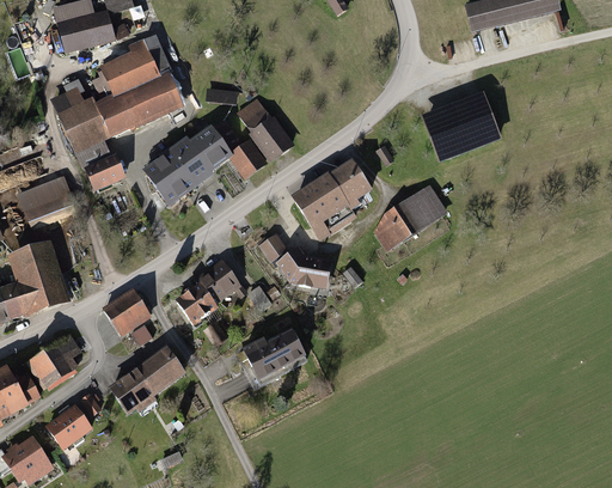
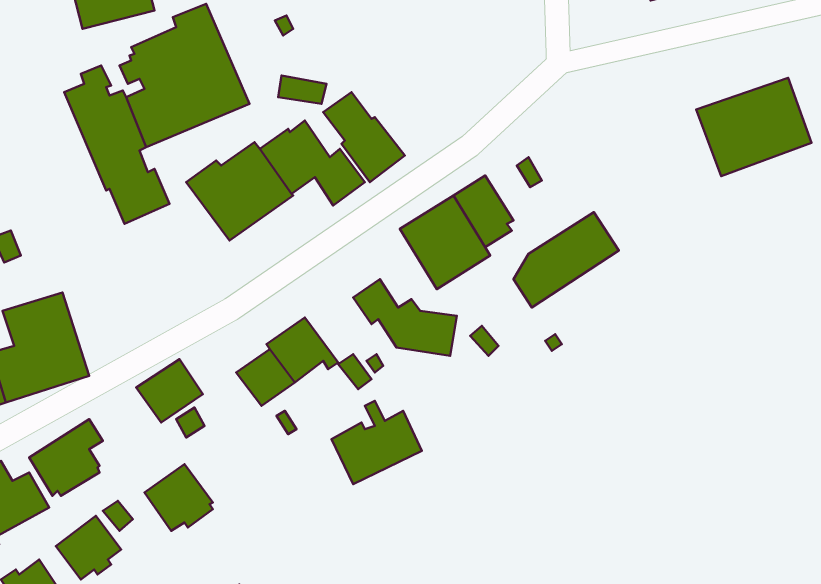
building: [420,92,502,163] -> [696,78,811,176]
building: [17,175,74,228] -> none
building: [137,343,186,392] -> none

